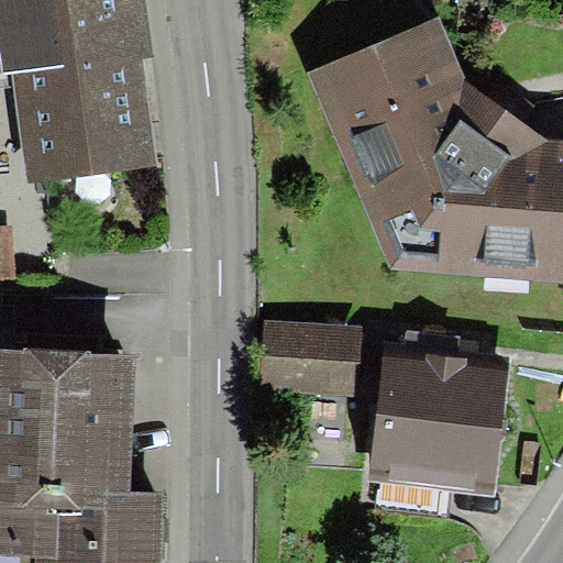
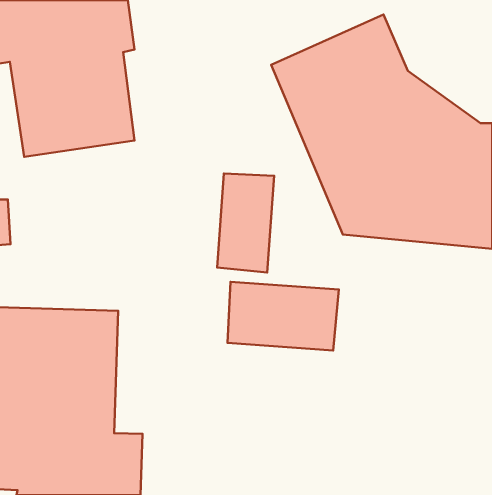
building: none -> [217,173,274,272]
building: [368,329,508,495] -> none

